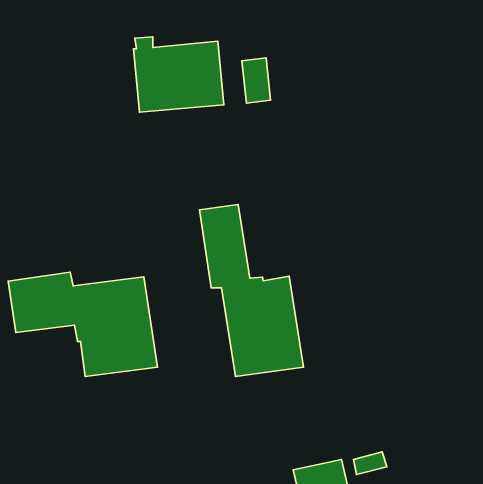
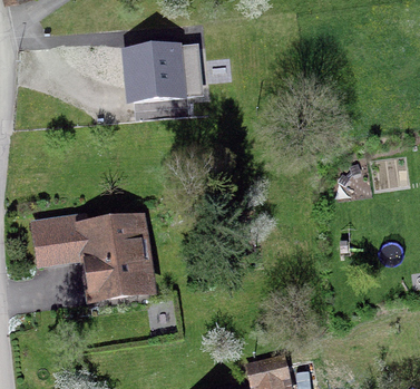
building: [200,204,304,377] -> none

